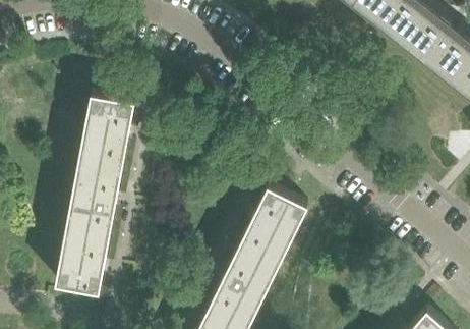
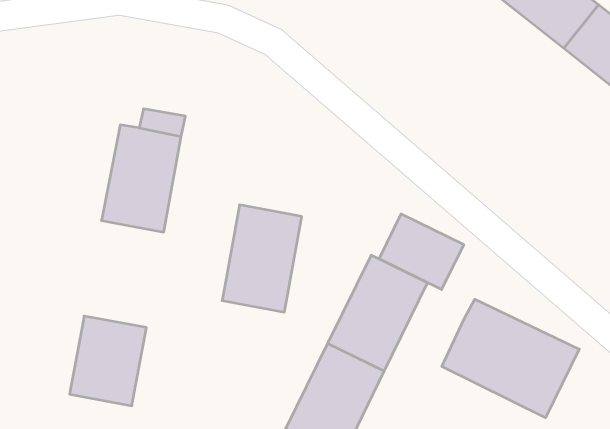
building: none -> [379,214,464,290]
building: [66,164,122,239] -> [222,205,302,312]
building: none -> [442,299,579,418]

